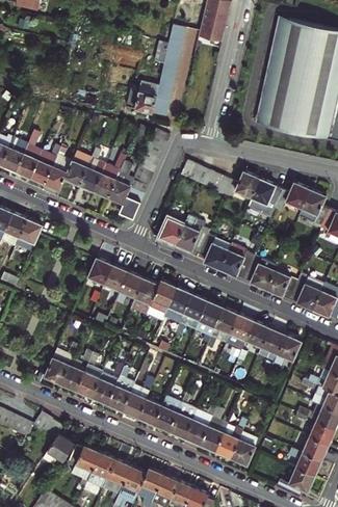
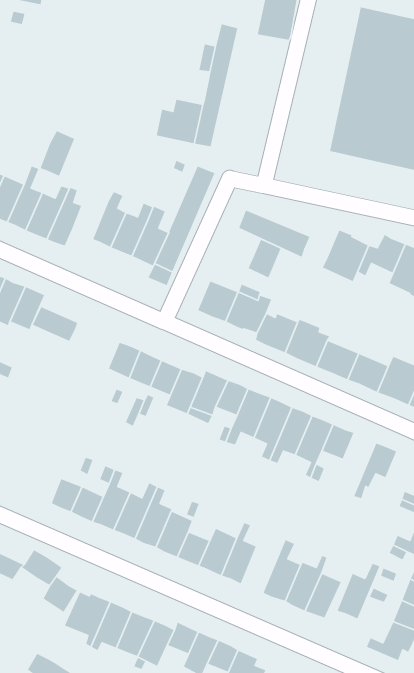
building: [64,152,90,186] -> [40,130,75,177]
building: [235,171,260,201] -> [248,239,282,278]
building: none -> [32,306,78,342]
building: [259,327,287,374] -> none
building: [188,403,220,445] -> [337,563,381,620]

